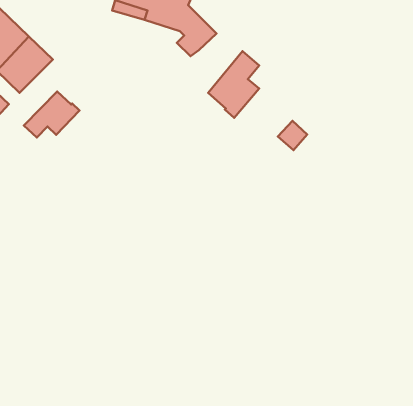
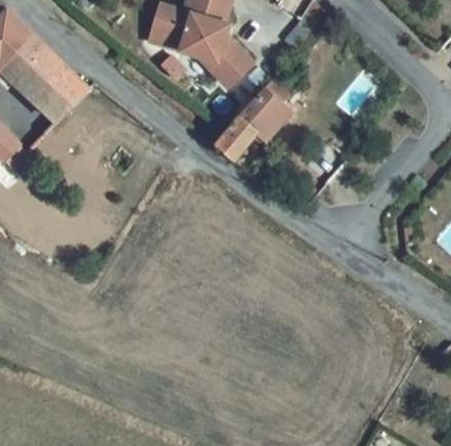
building: [24,92,80,138] -> none
building: none -> [216,120,258,163]

